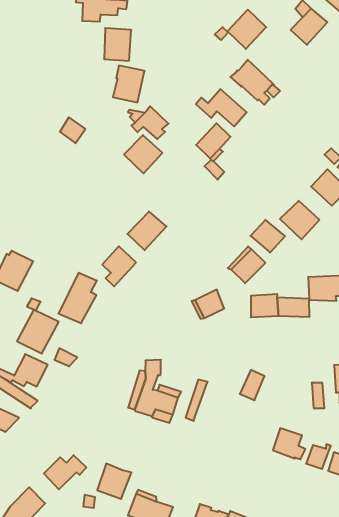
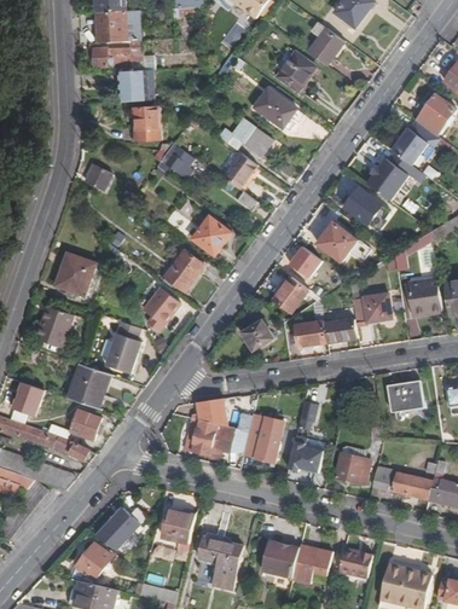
building: [228,10,266,49] -> [277,51,315,91]
building: [124,135,162,173] -> [190,216,228,255]
building: none -> [56,251,94,294]
building: none -> [256,416,284,462]
building: none -> [288,435,324,472]

